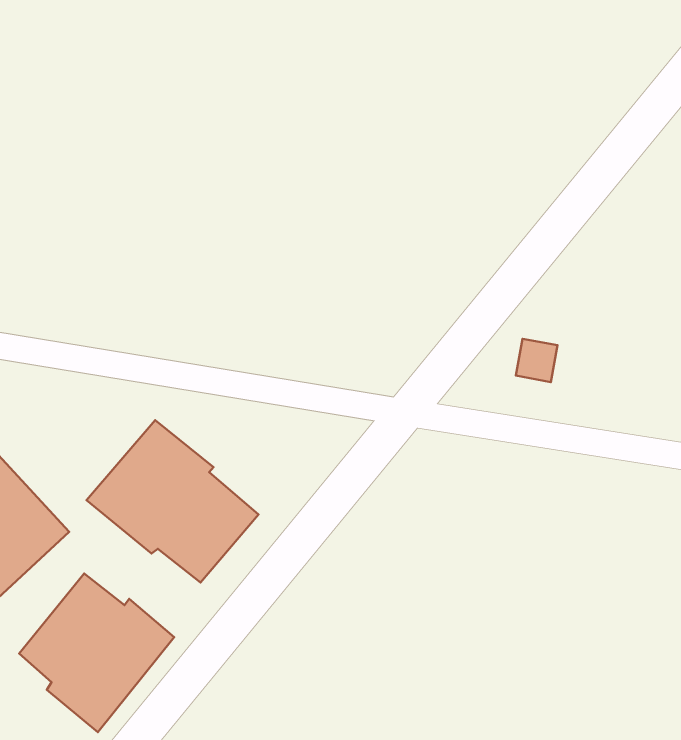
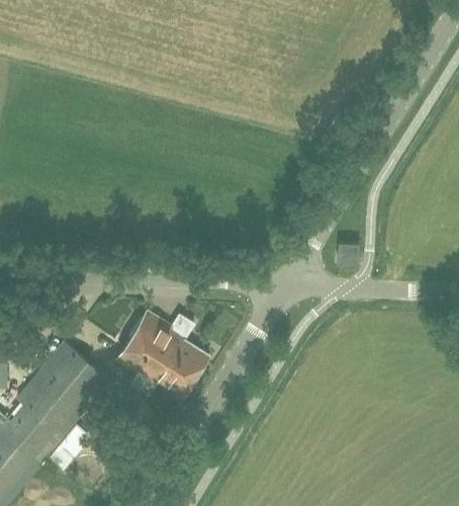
building: [19,573,174,732] -> none

